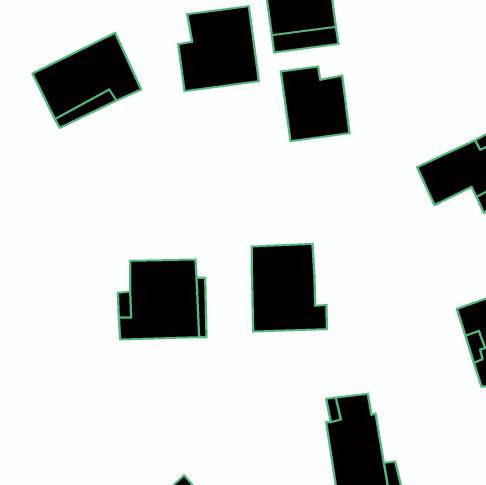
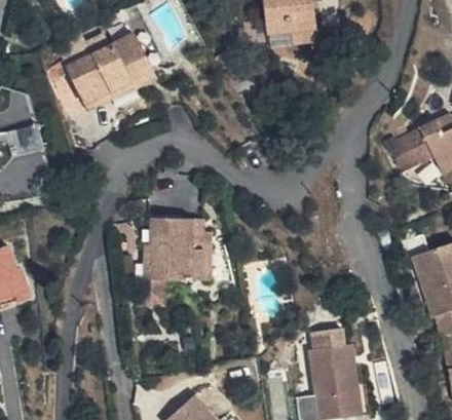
building: [178,6,259,91] -> none
building: [281,67,350,141] -> none
building: [252,244,327,332] -> none

